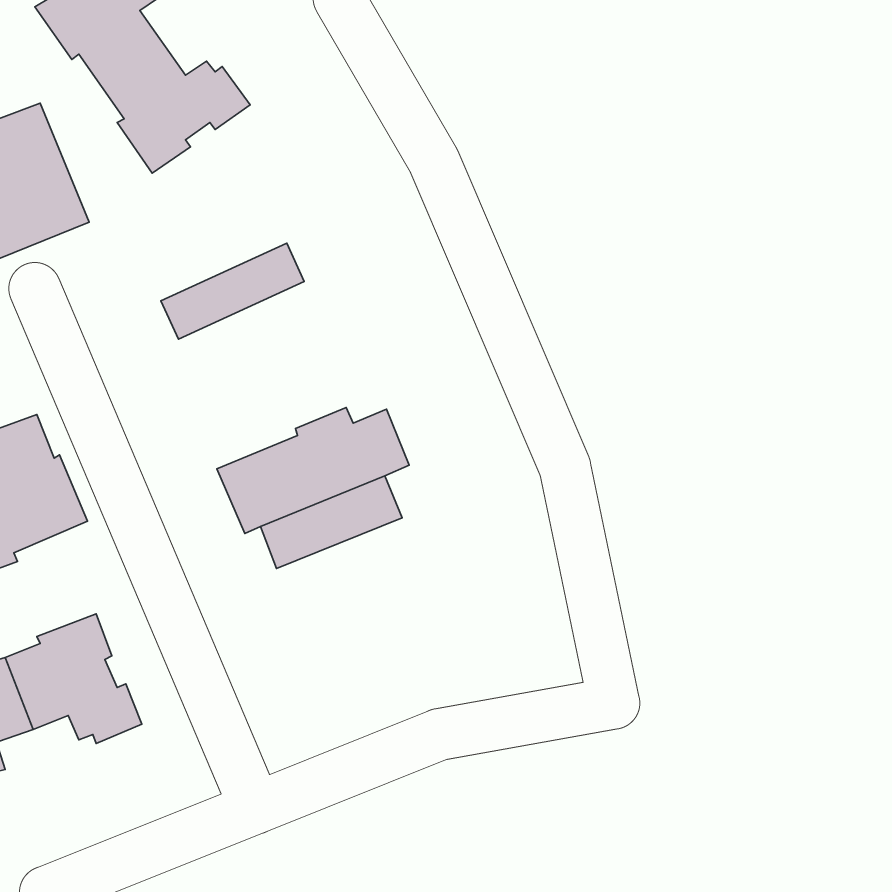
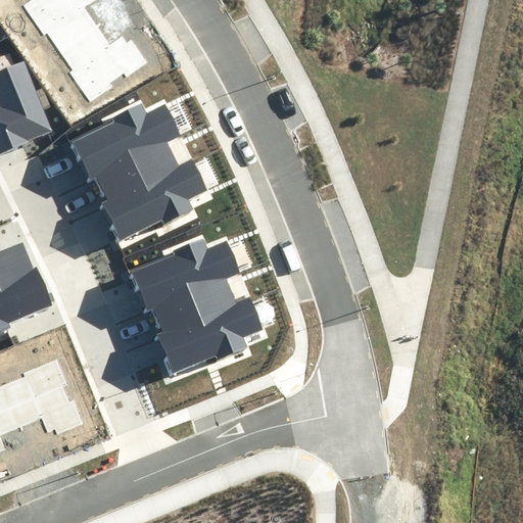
building: none -> [68,103,181,179]
building: none -> [99,158,207,239]
building: none -> [156,297,262,372]

